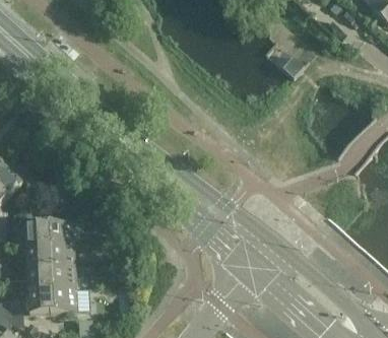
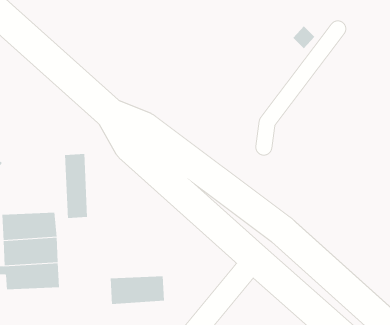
building: none -> [65,153,88,219]
building: [27,288,76,314] -> [110,276,165,304]

